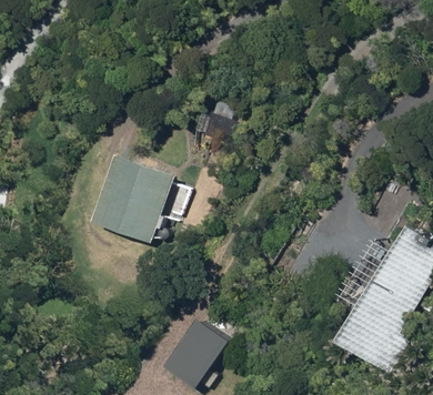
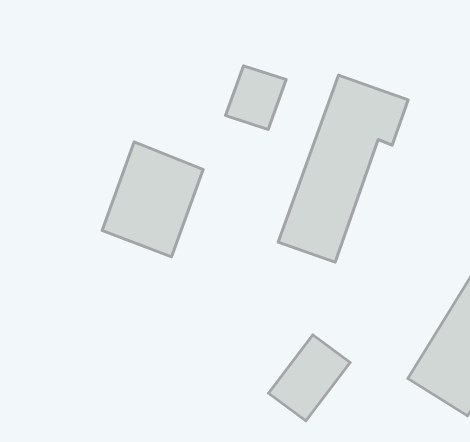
building: none -> [278,75,408,262]
building: [154,320,220,388] -> [269,335,350,421]

